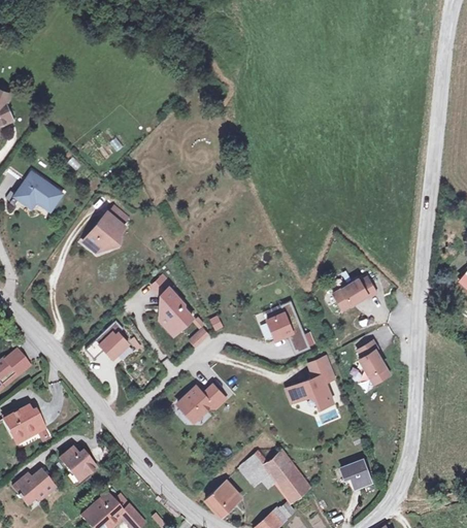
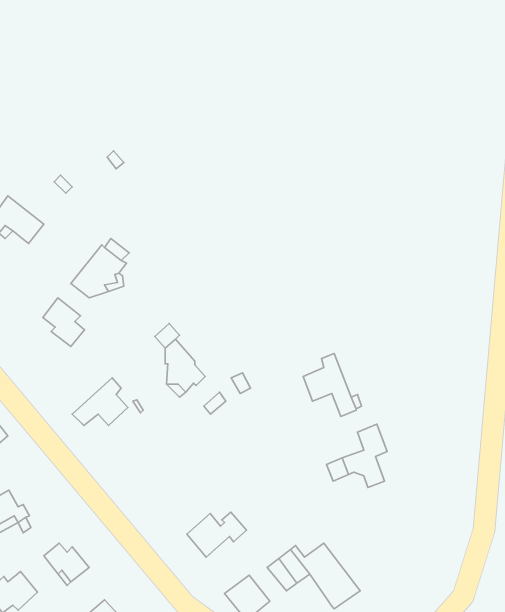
building: none -> [43,298,85,347]
building: [332,280,375,312] -> none
building: [357,343,390,386] -> none
building: [177,382,225,418] -> [187,512,246,557]
building: [342,459,372,489] -> none

